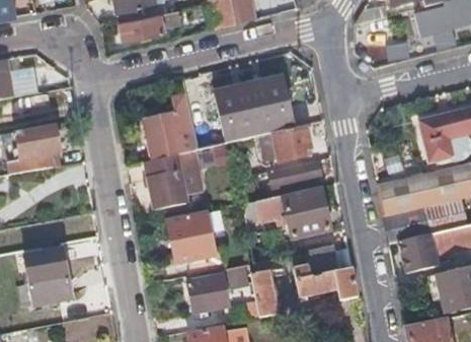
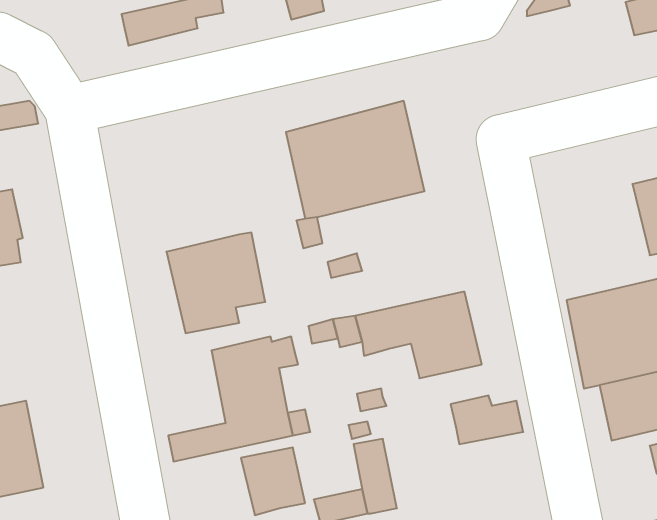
building: [144,94,199,159] -> none
building: [269,124,309,163] -> none
building: [269,160,323,192] -> none
building: [295,264,358,298] -> none

